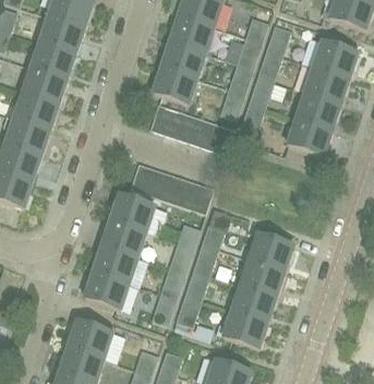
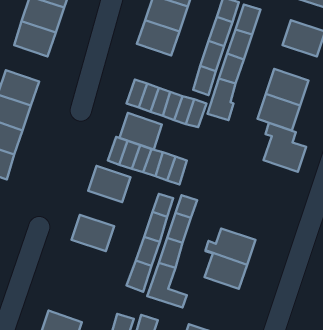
building: [152,67,196,105] -> [119,113,162,149]
building: [23,68,67,106] -> none
building: [304,68,349,105] -> none
building: [100,220,145,257] -> none
building: [249,220,293,272] -> [263,123,306,172]
building: [83,272,128,310] -> none
building: [215,311,267,349] -> none
building: [68,321,111,358] -> none

